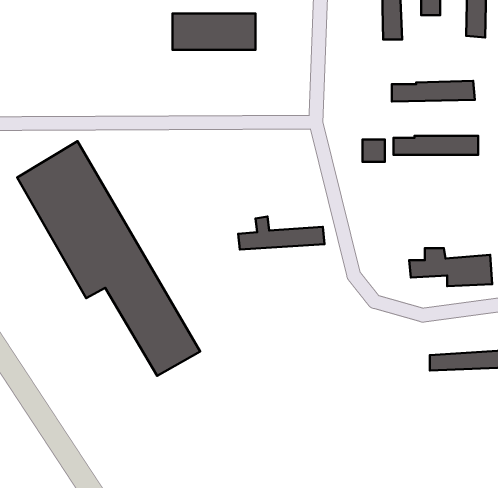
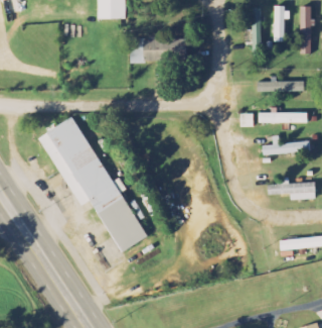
building: [238,217,325,249] -> [261,135,311,154]

